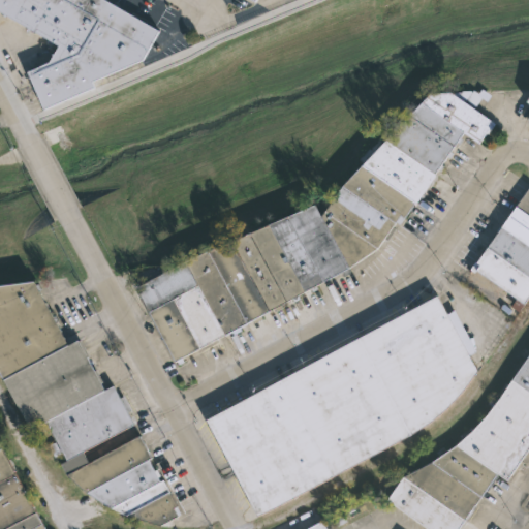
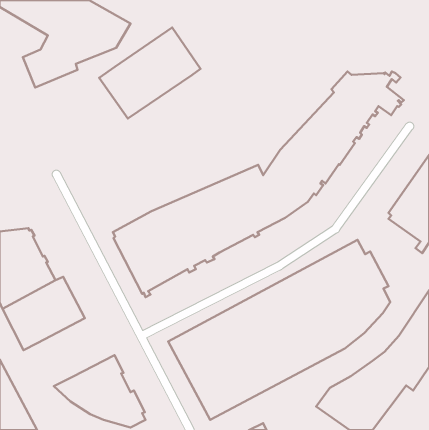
building: none -> [99,27,200,118]
building: [45,386,132,474] -> none

